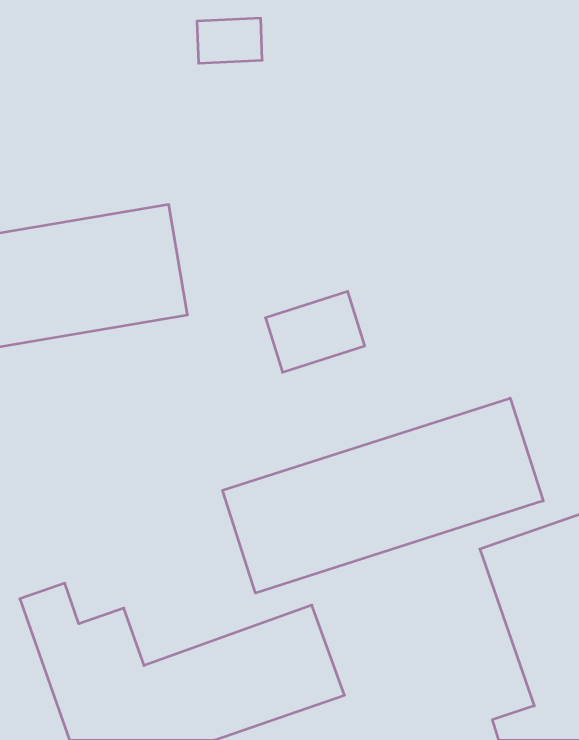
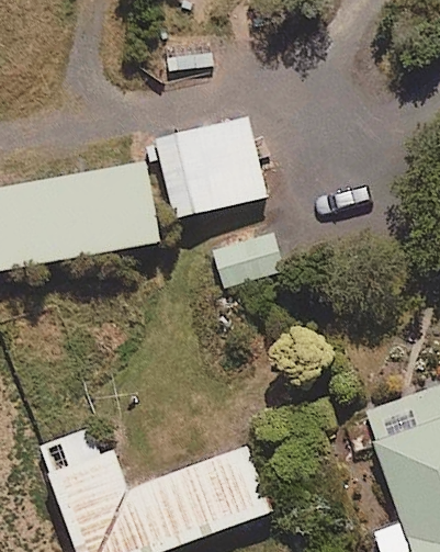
building: none -> [156,116,268,217]
building: [223,398,543,593] -> none

